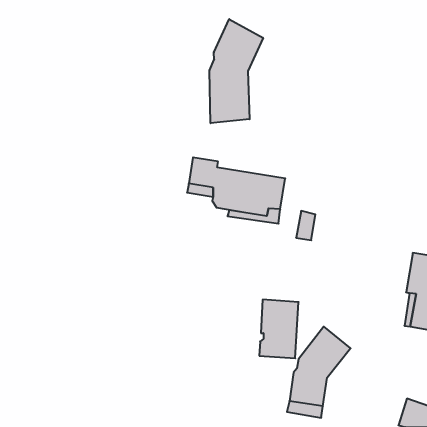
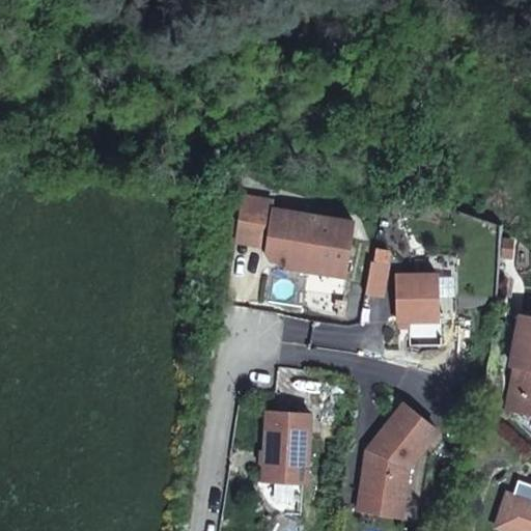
building: [210,19,263,123] -> none
building: none -> [396,275,437,323]
building: [259,300,299,358] -> [260,410,309,482]

